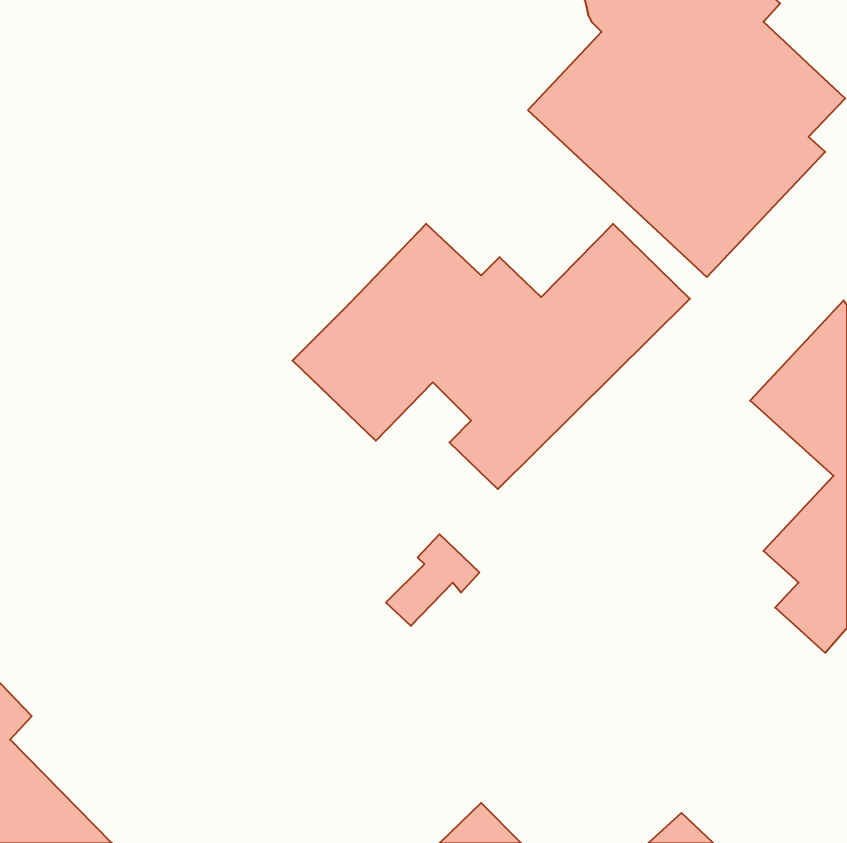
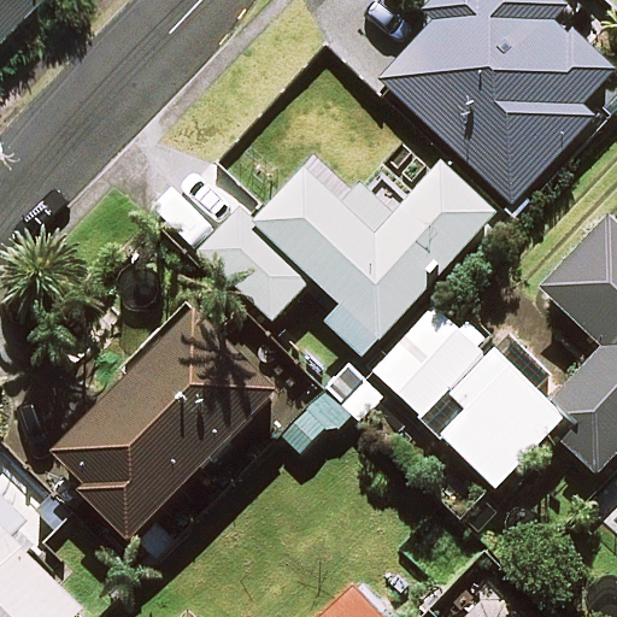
building: none -> [340,304,563,484]
building: none -> [55,317,280,557]

